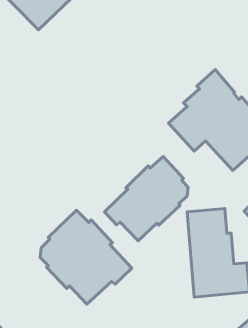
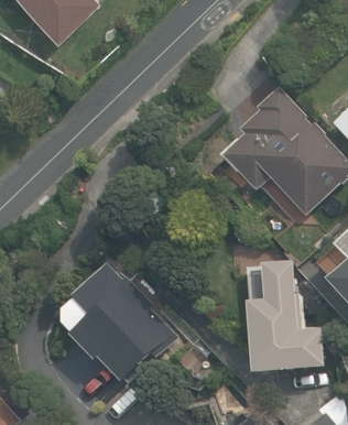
building: [104,156,188,241] -> none

